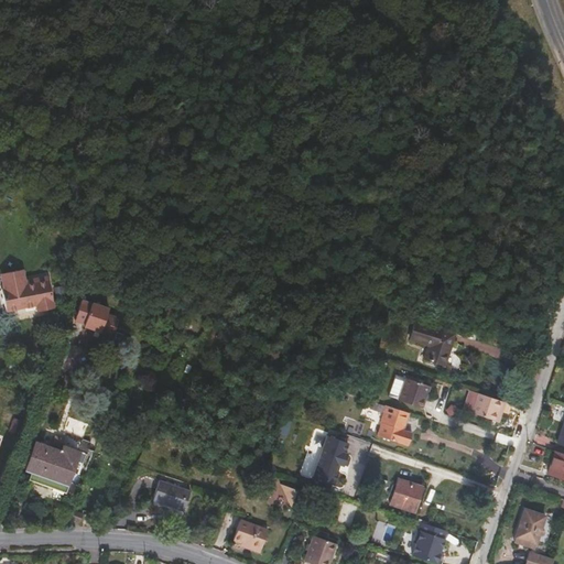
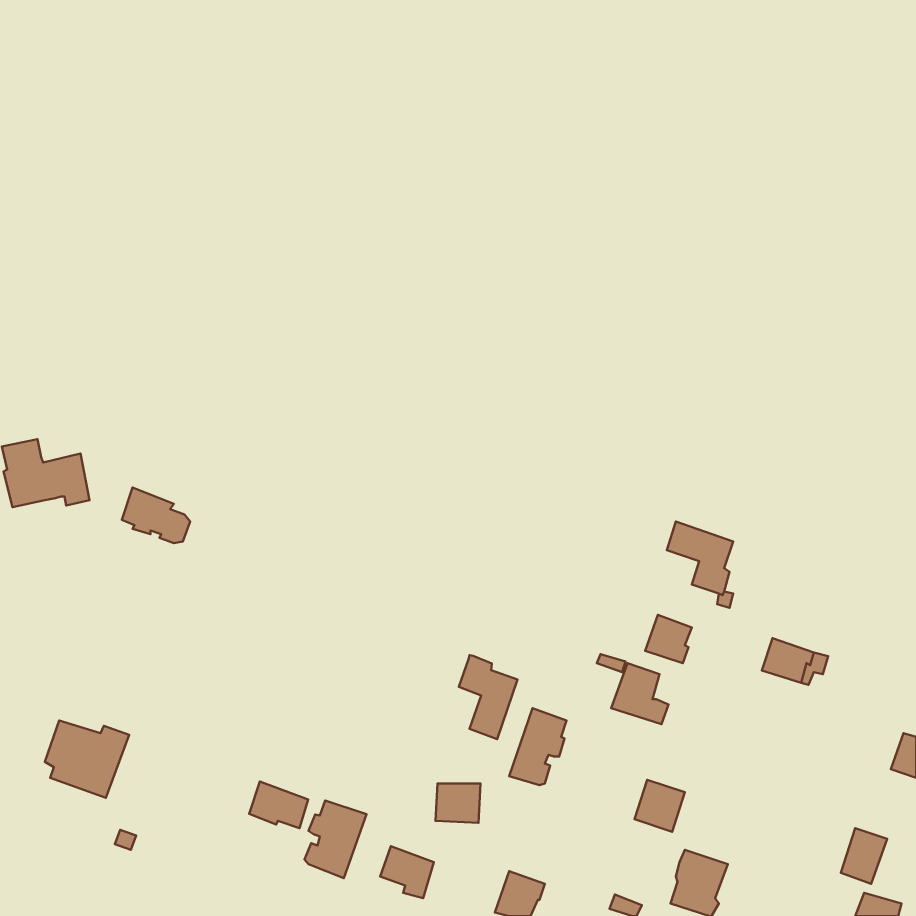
building: none -> [459,655,518,739]
building: none -> [304,800,366,878]

